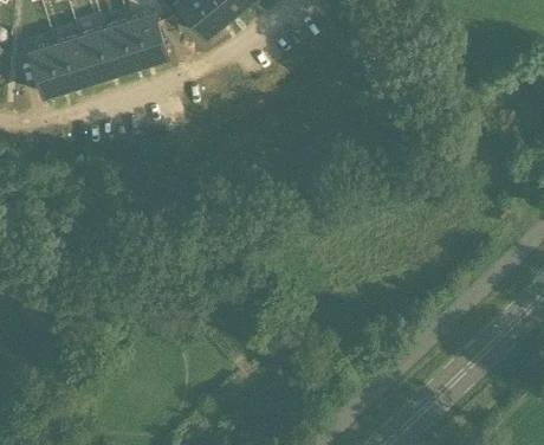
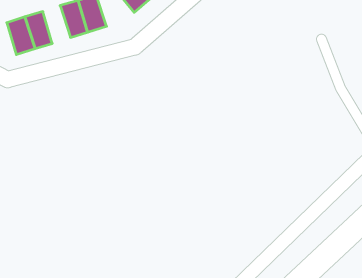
building: [77,28,115,80] -> none

